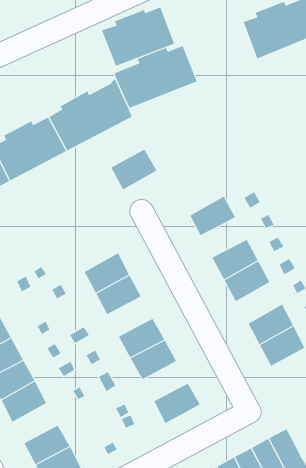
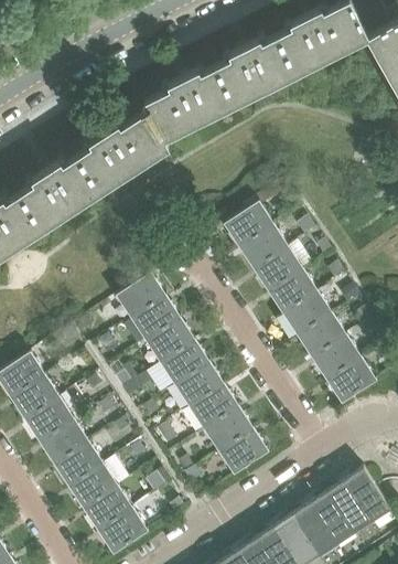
building: [101,7,175,66] -> [217,38,298,106]
building: [110,149,157,190] -> [225,204,276,251]
building: none -> [254,248,304,294]
building: none -> [117,275,168,321]
building: none -> [298,315,348,361]
building: none -> [161,342,211,387]
building: none -> [205,408,255,454]
building: none -> [69,466,119,511]

